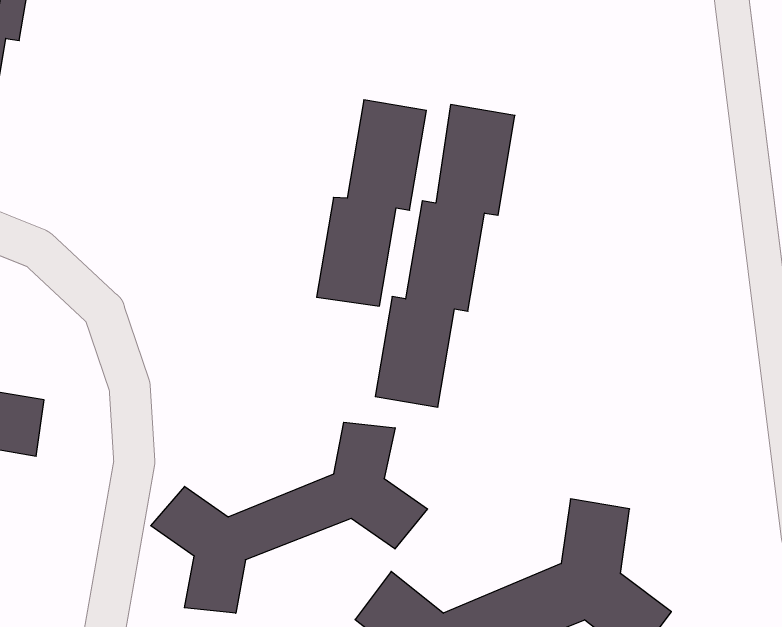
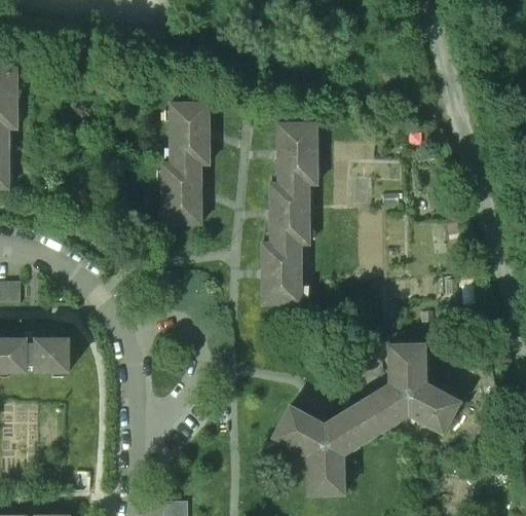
building: [317,100,426,306] -> [162,103,209,224]
building: [151,422,428,613] -> none

